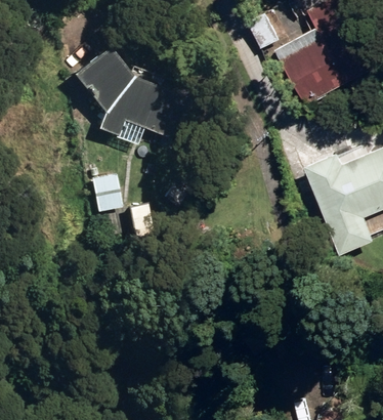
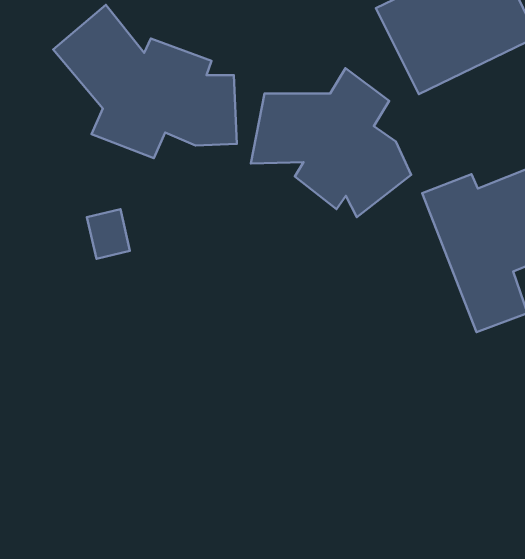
building: none -> [251,68,411,217]

